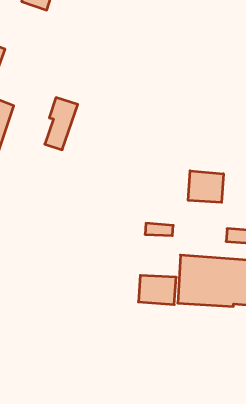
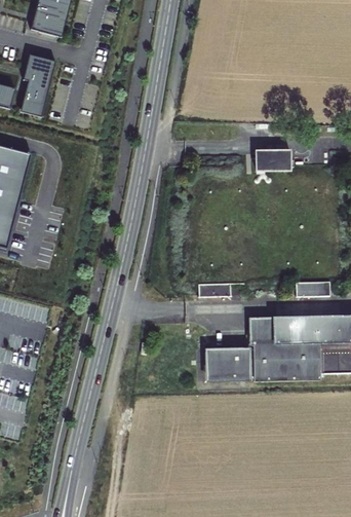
building: [45,98,78,150] -> [20,54,55,116]
building: none -> [257,149,291,173]
building: [188,171,223,202] -> none

